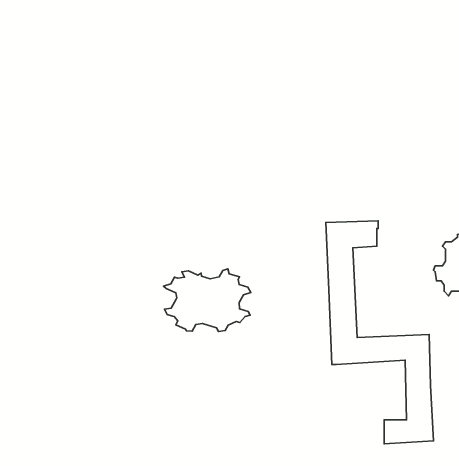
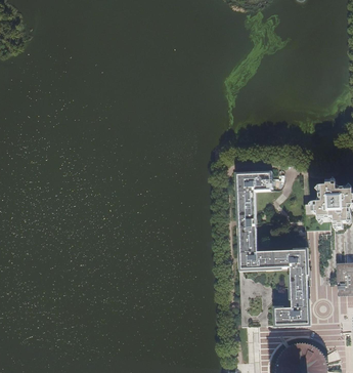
building: [163,269,251,331] -> none

